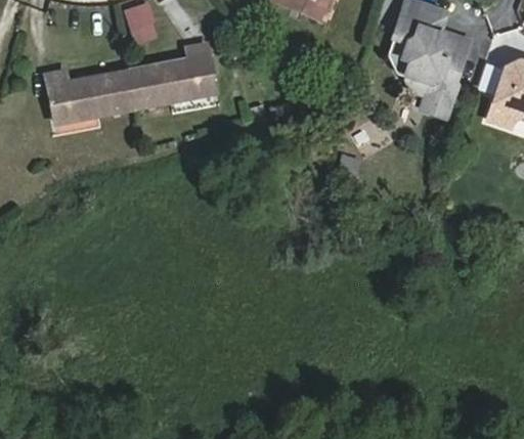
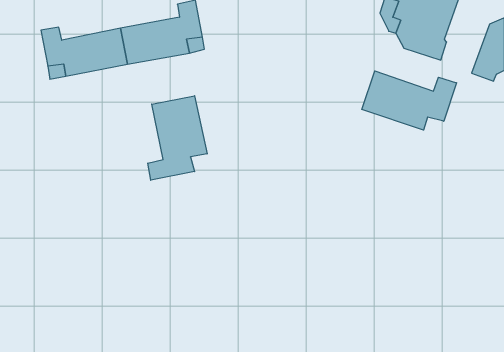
building: none -> [362,71,457,130]
building: none -> [148,96,207,180]

